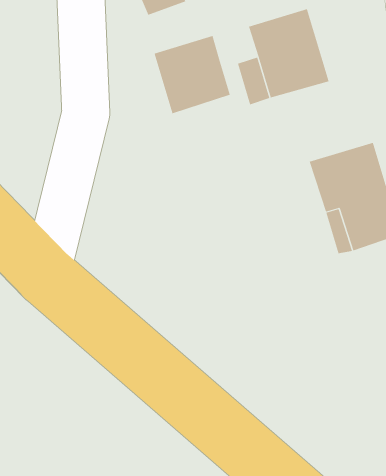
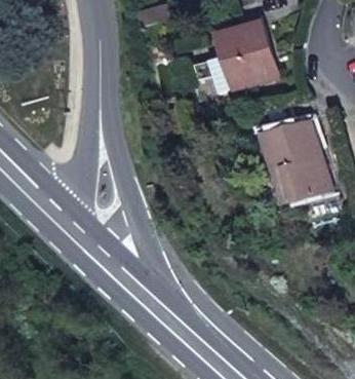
building: [154,35,231,114] -> none

